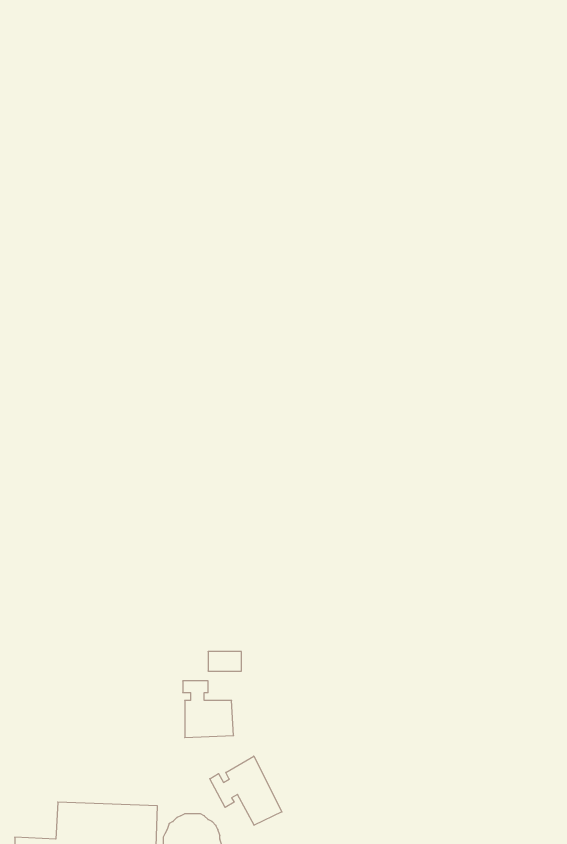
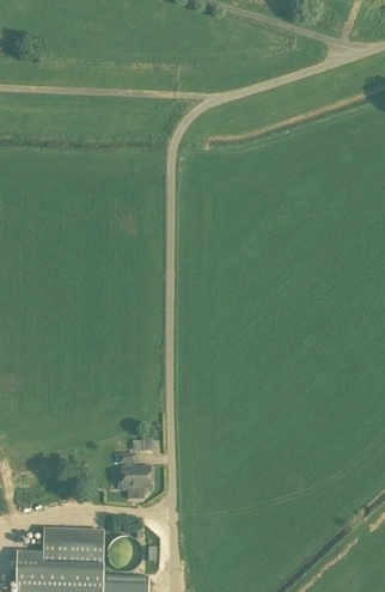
building: [210,756,282,825] -> none

